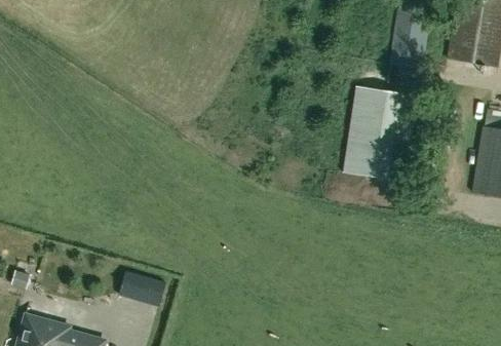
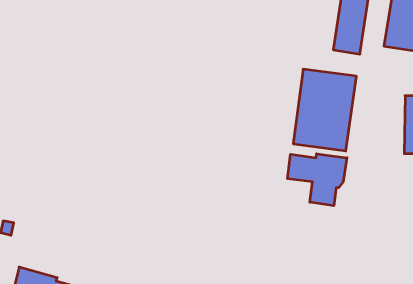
building: none -> [288,154,347,206]
building: [121,271,167,304] -> none

